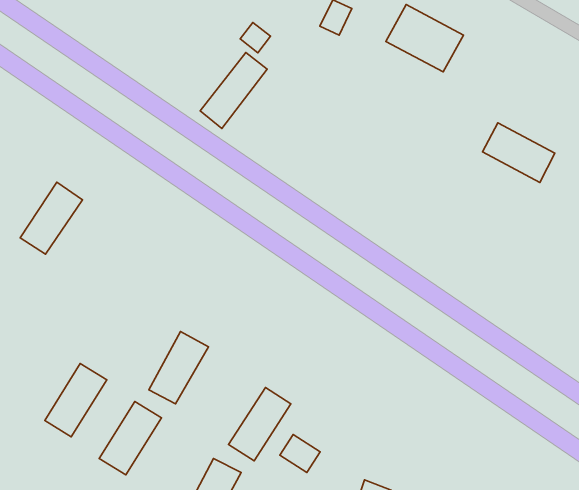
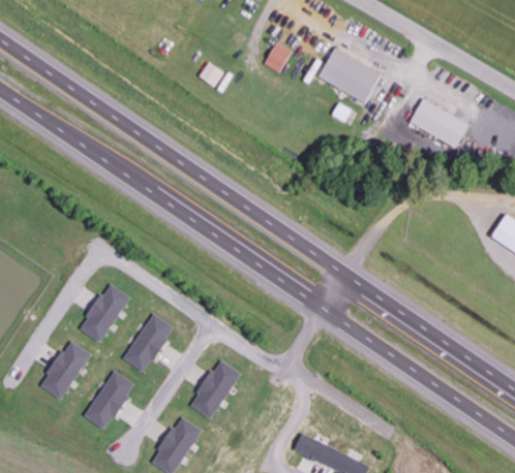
building: [200,53,267,128] -> none
building: [483,123,555,182] -> [410,99,468,148]
building: [20,182,82,254] -> [79,283,129,342]
building: [280,434,320,473] -> none

